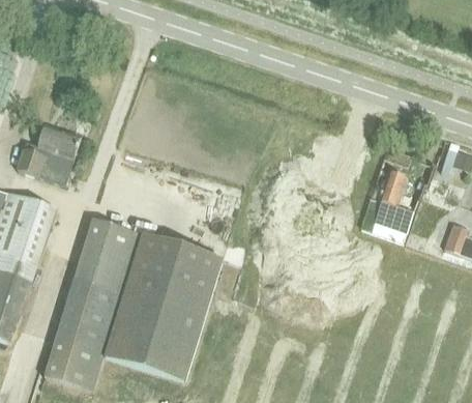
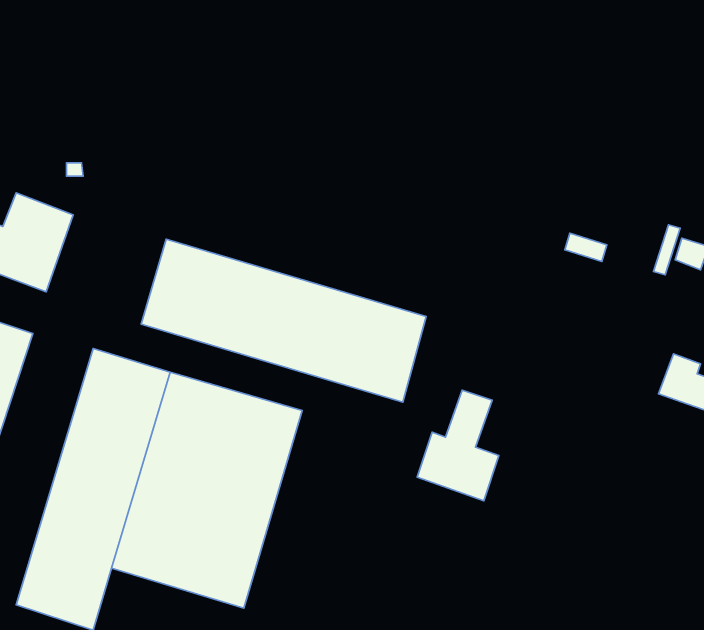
building: none -> [141,239,426,402]
building: [361,171,412,239] -> [417,390,499,501]

